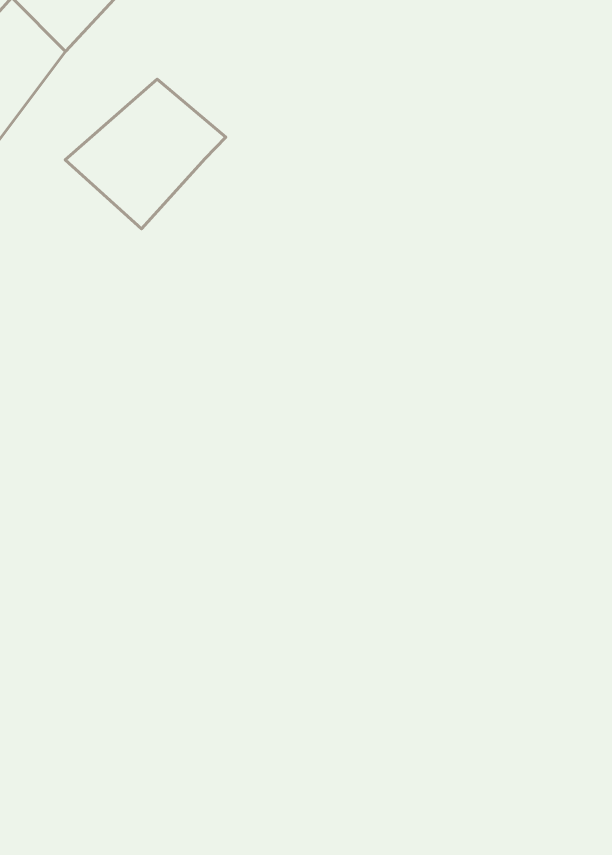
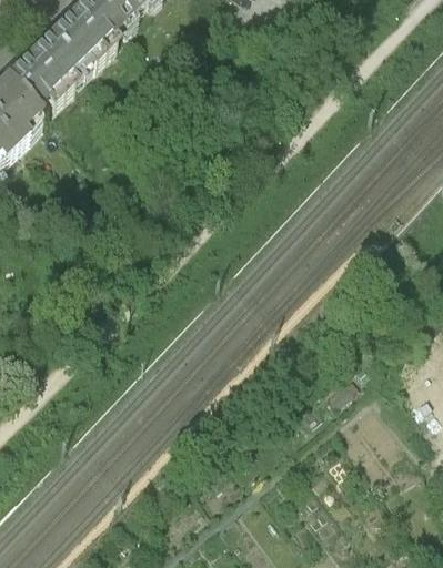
building: [65,79,226,229] -> none

